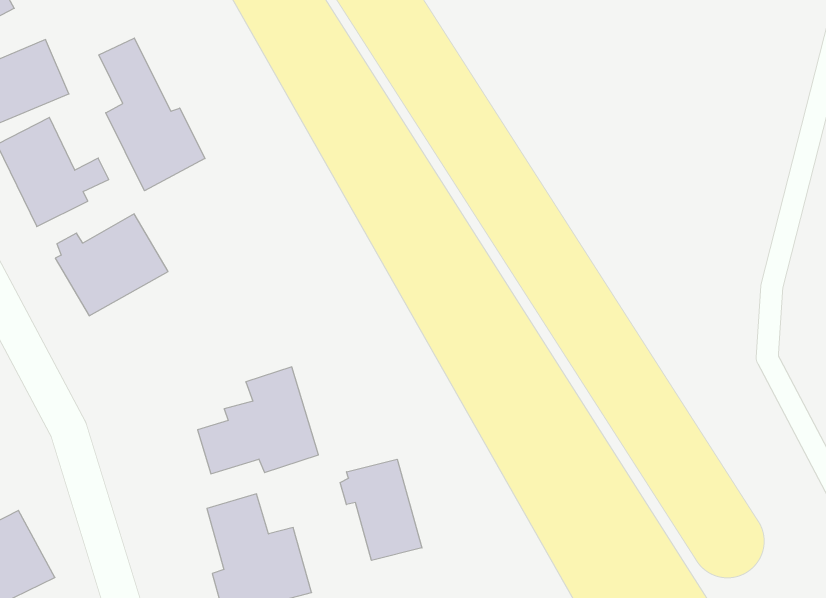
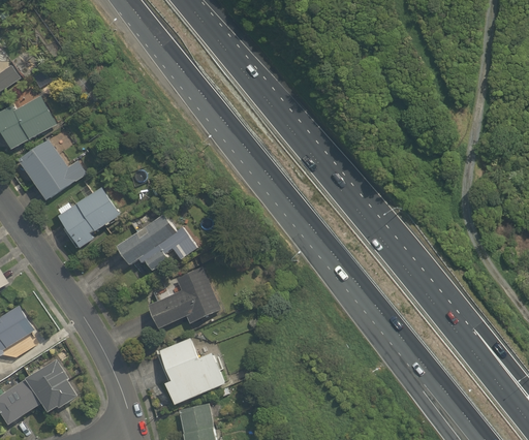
building: [99,38,205,191] -> none
building: none -> [118,214,182,270]
building: [340,459,422,560] -> none

